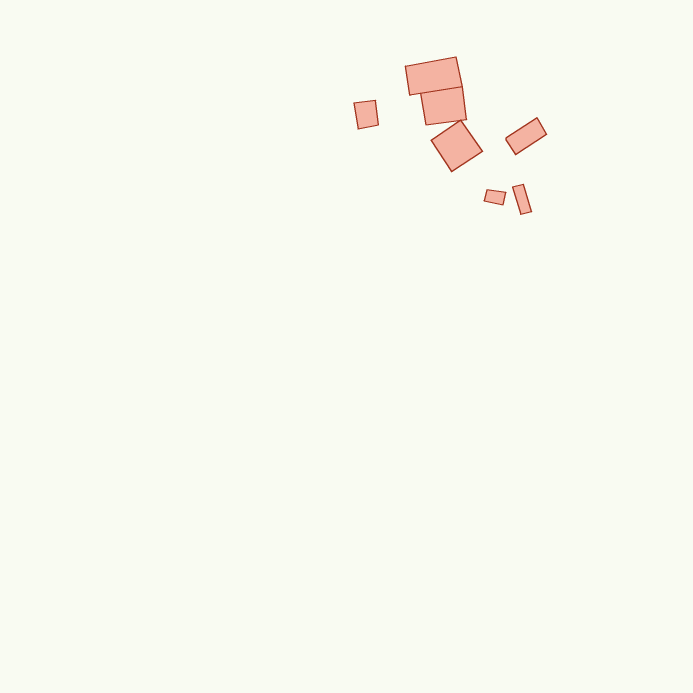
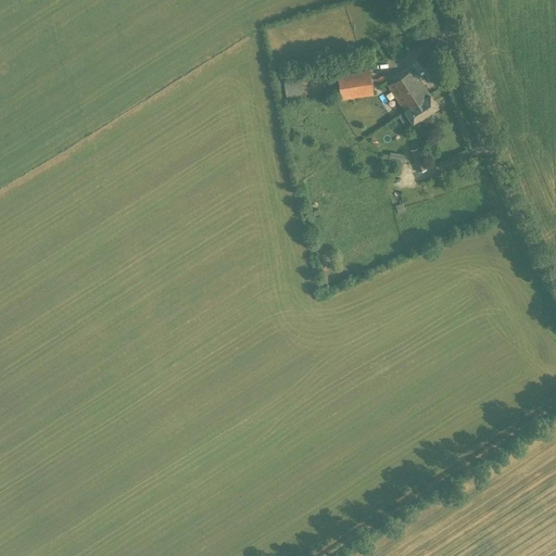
building: [406,57,462,95] -> none
building: [431,120,483,172] -> [389,70,430,111]

